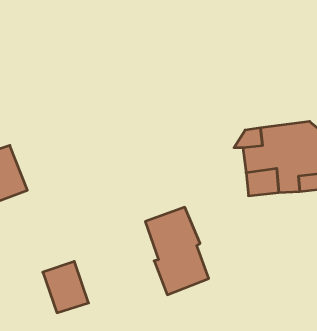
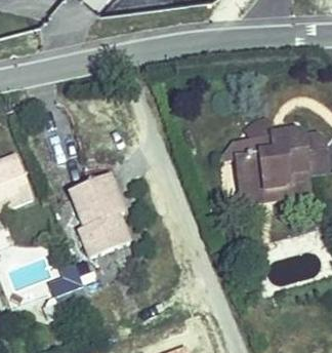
building: [145,207,209,295] -> [72,174,131,257]

